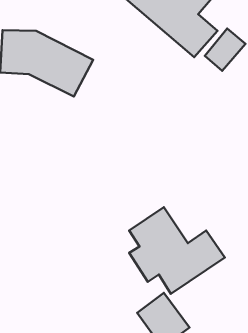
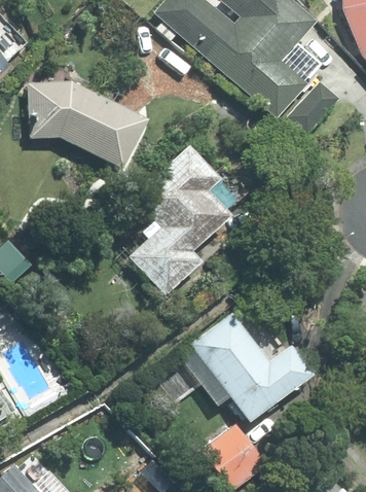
building: none -> [130,145,232,295]

